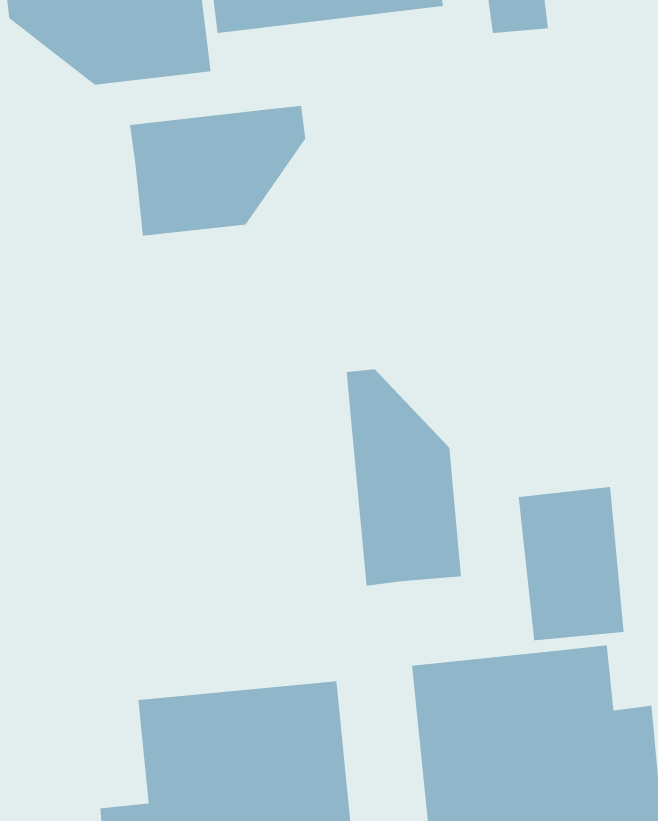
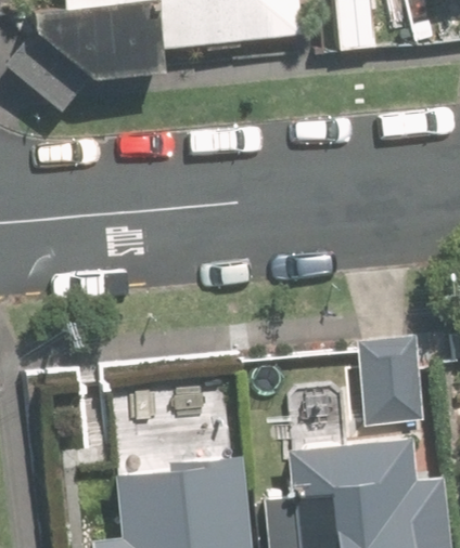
building: [129,105,306,236] -> none
building: [346,369,462,586] -> none

